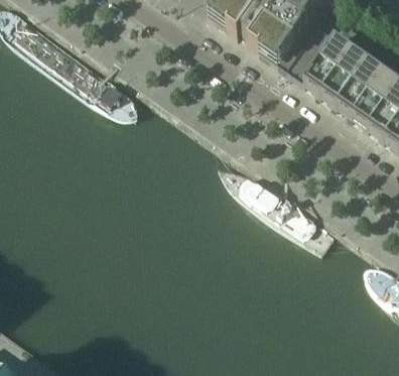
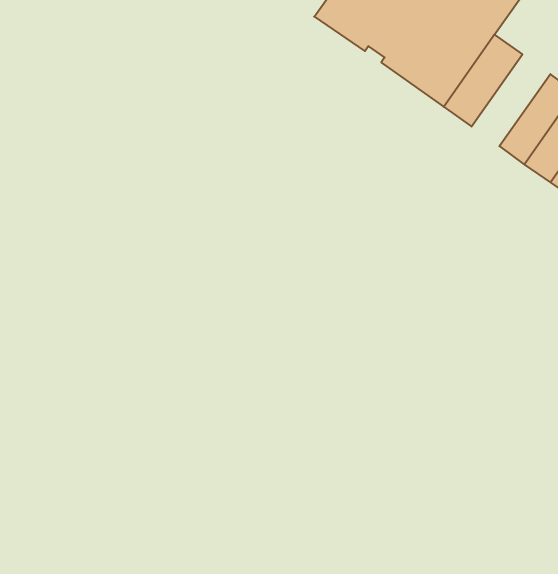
building: [318,39,367,96] -> none

